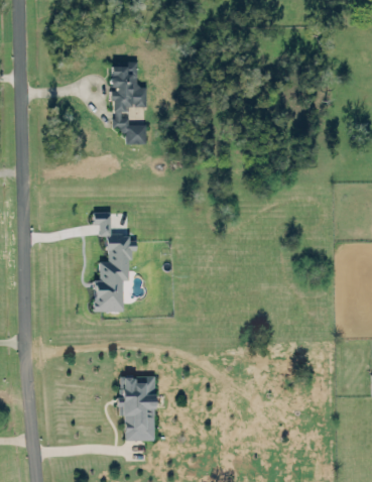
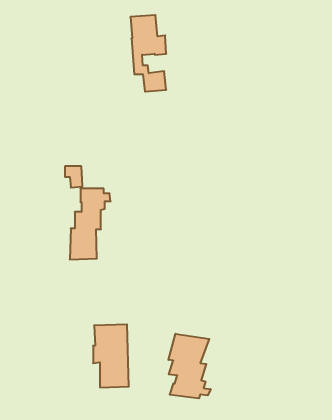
building: [111,66,148,145] -> [130,15,166,92]
building: none -> [168,334,211,398]

